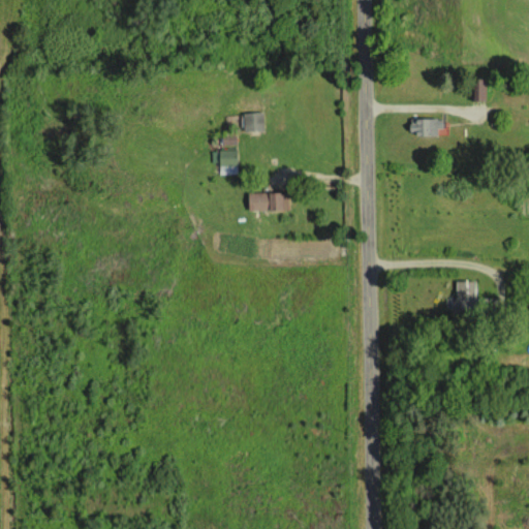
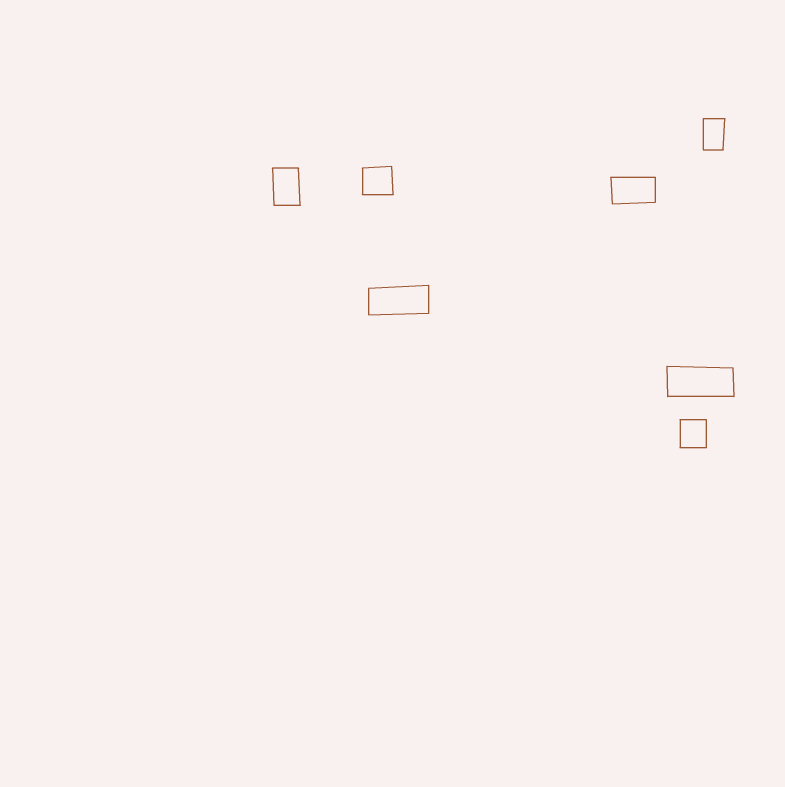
building: [220,150,239,175] -> [272,168,300,205]
building: none -> [667,366,734,397]

